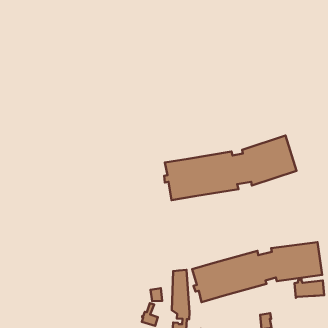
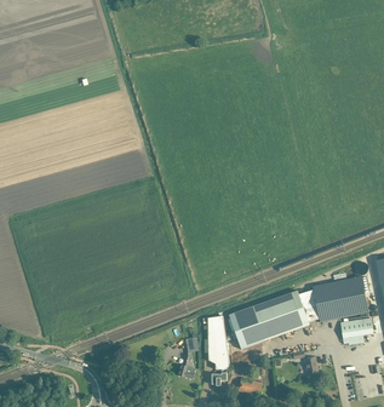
building: [164,135,296,200] -> none

